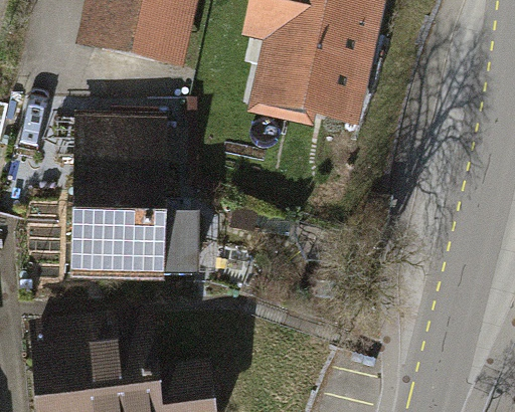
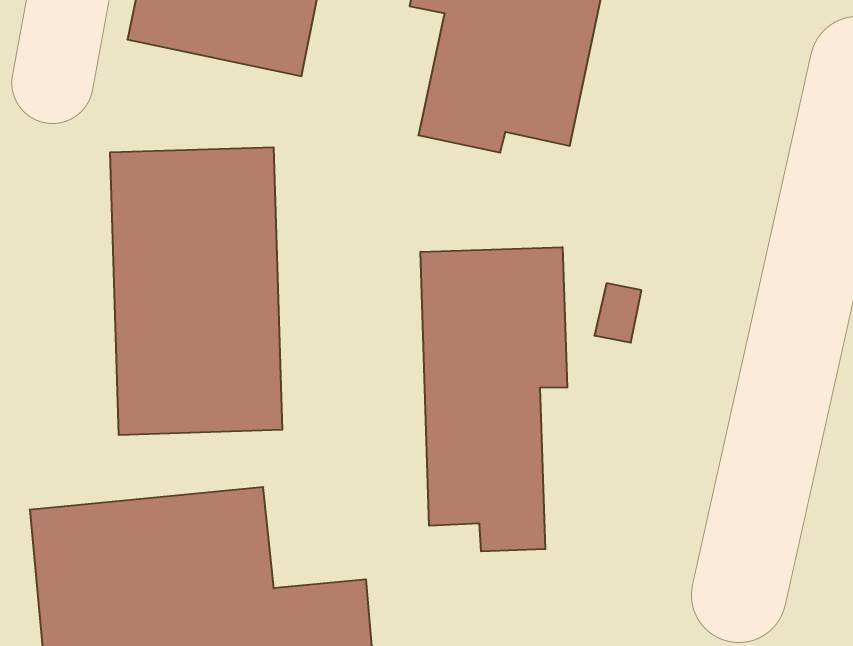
building: none -> [421,247,567,551]

